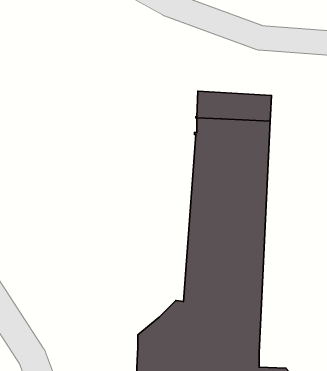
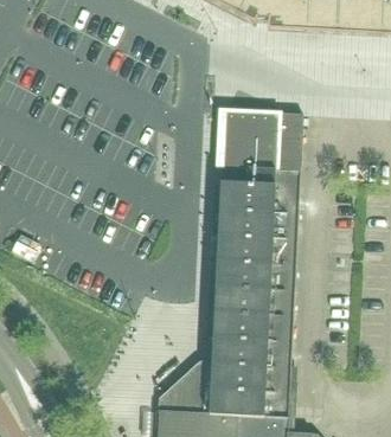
building: none -> [224,108,305,141]

